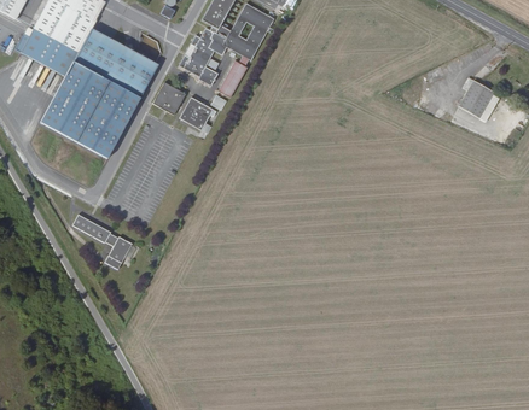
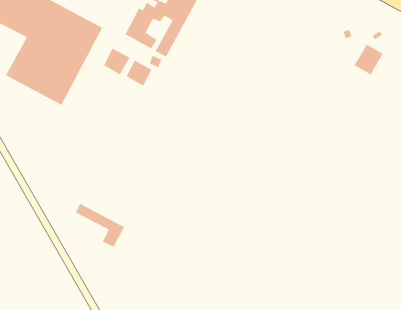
building: [71,211,132,265] -> [75,203,125,248]

